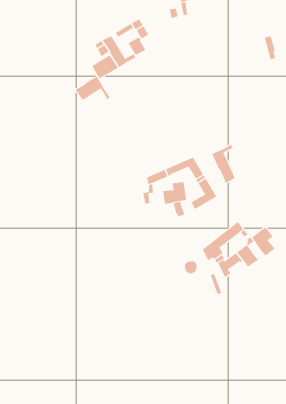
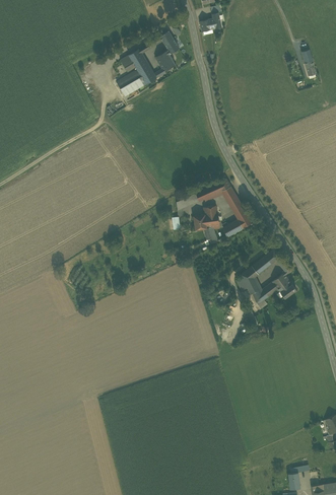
building: [75,76,111,100] -> none
building: [212,144,235,184] -> none
building: [251,227,275,256] -> none

